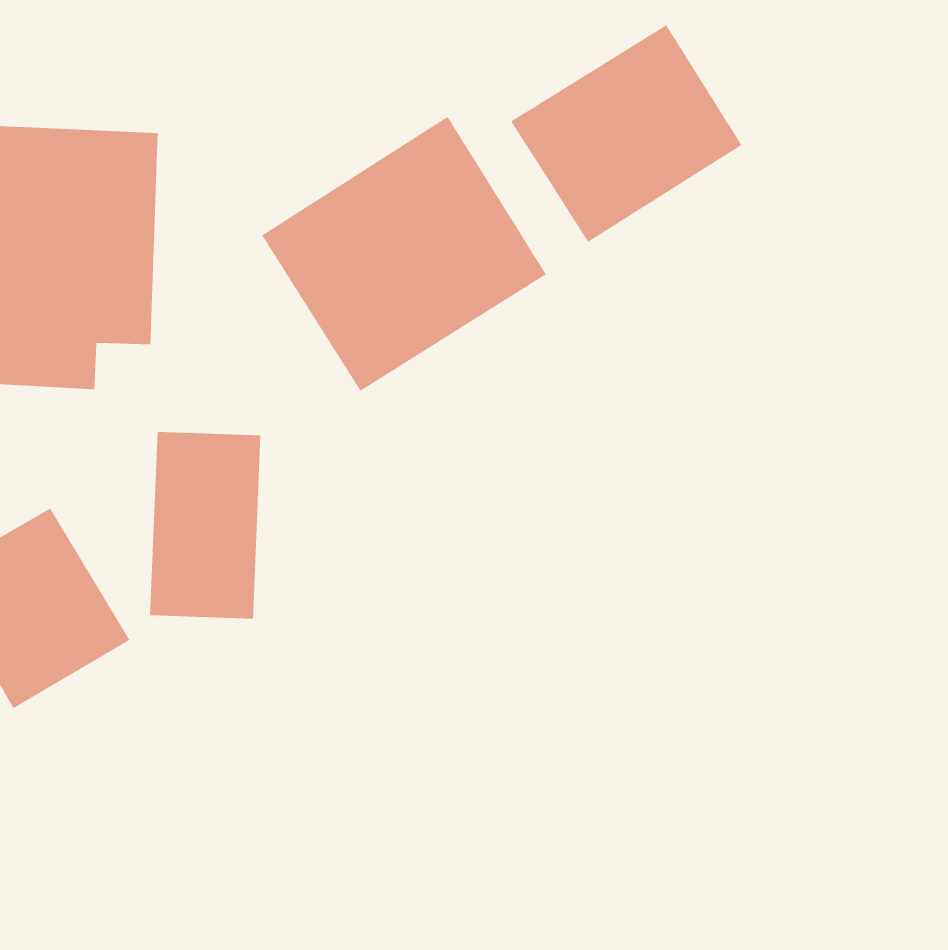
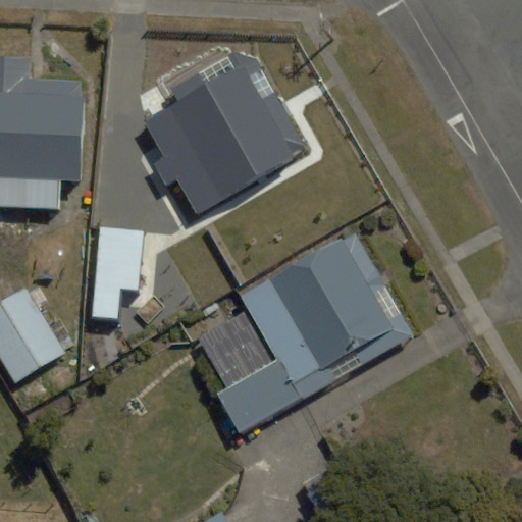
building: [510,24,743,243] -> none
building: none -> [202,228,410,437]

